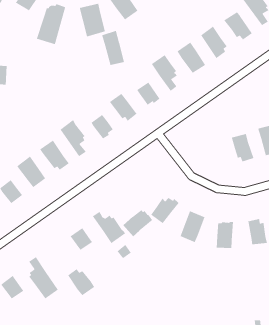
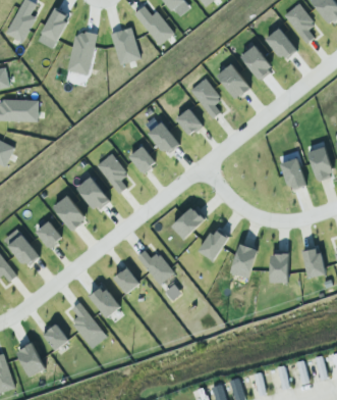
building: [101,30,125,66] -> none
building: [122,209,153,237] -> [172,208,205,239]
building: [67,268,95,296] -> [90,288,120,317]

